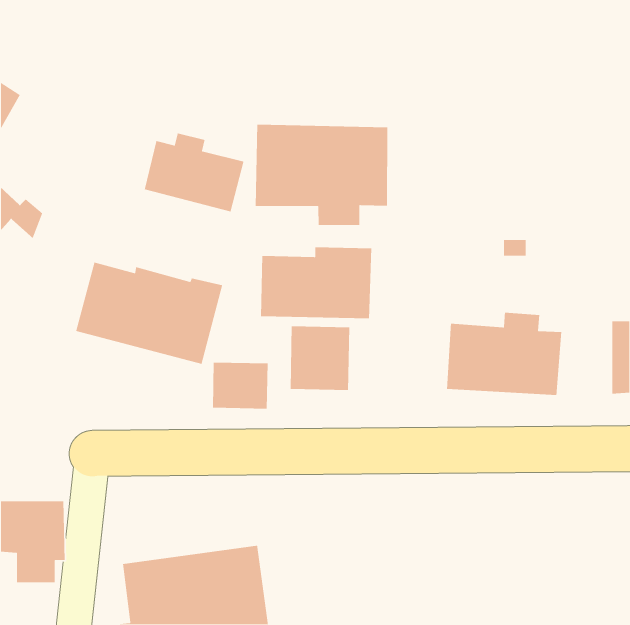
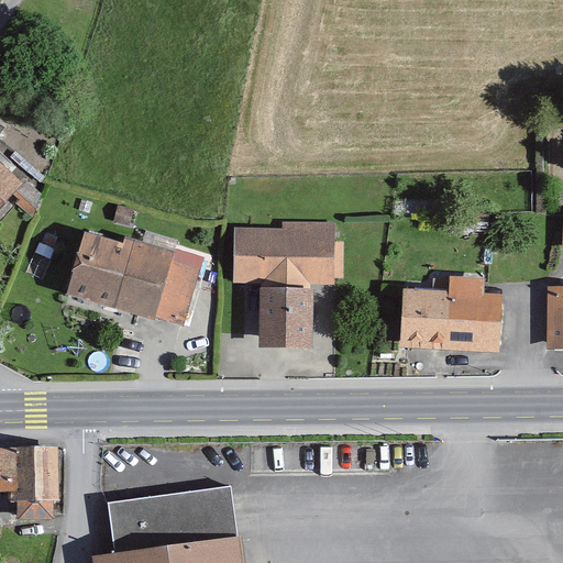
building: [255,124,388,226] -> none
building: [144,132,245,213] -> none
building: [212,362,268,409] -> none

